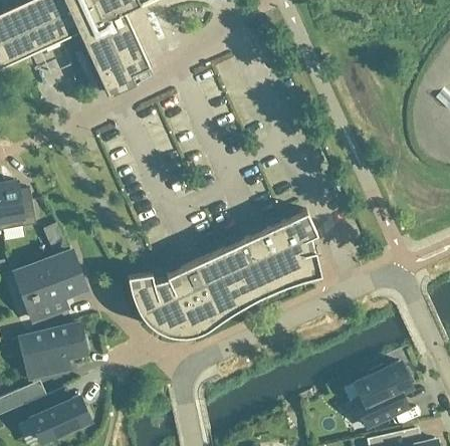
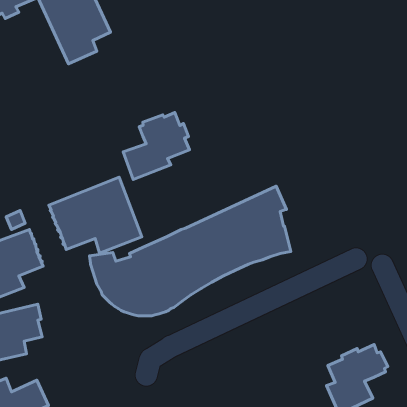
building: none -> [123,113,190,179]
building: none -> [49,177,142,253]

